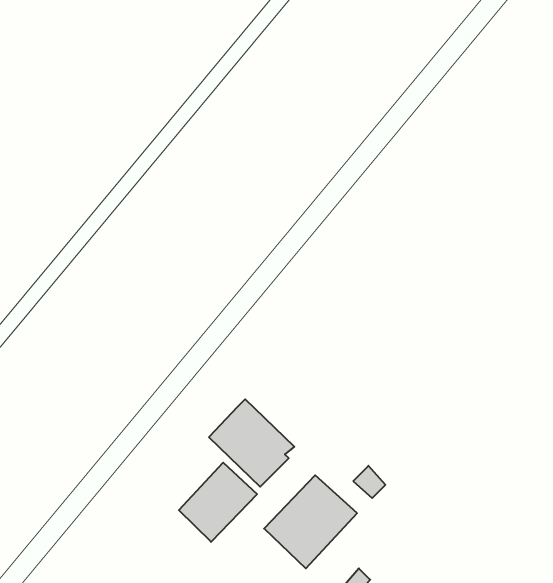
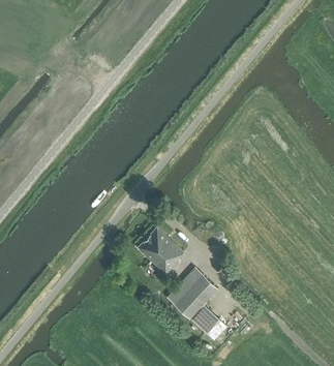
building: [179,463,257,542] -> none

